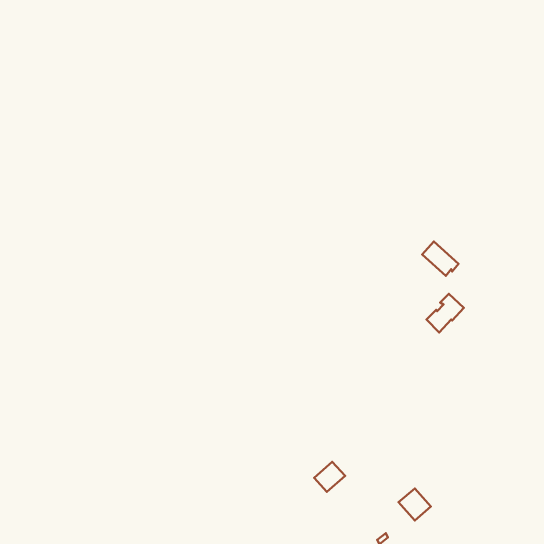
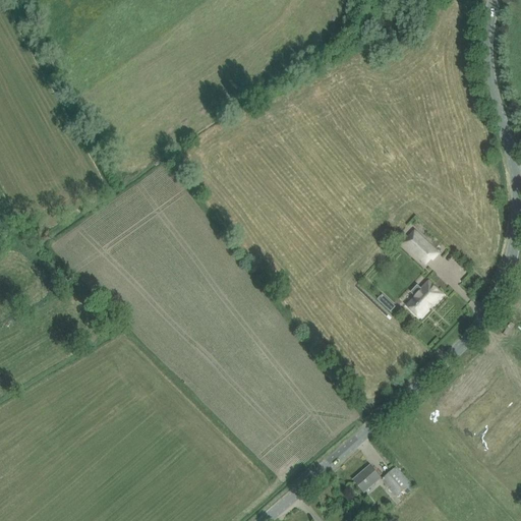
building: [314,462,345,492] -> [351,463,381,491]

